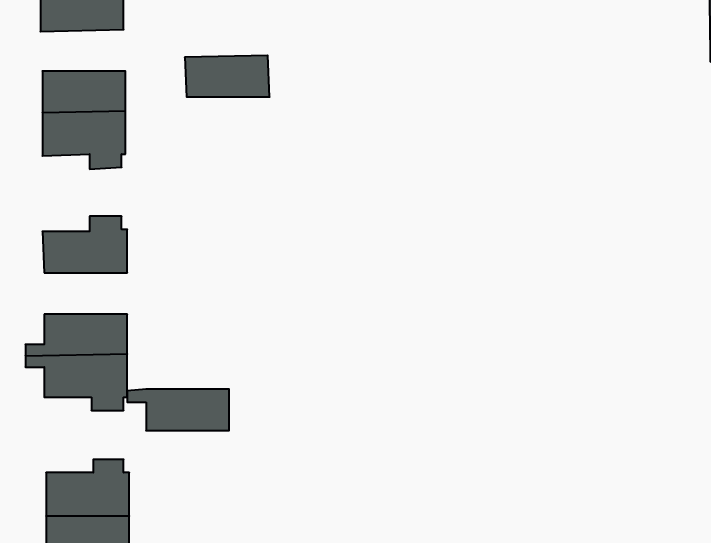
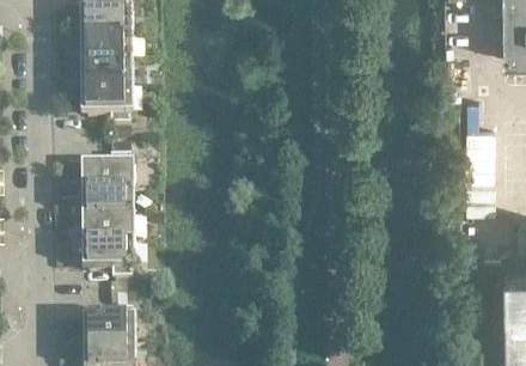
building: [185,55,270,97] -> [80,39,134,66]
building: [127,389,229,431] -> [71,194,135,220]

